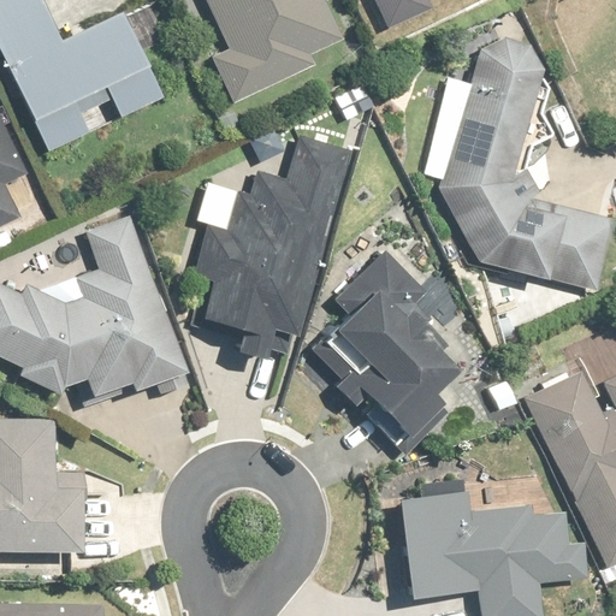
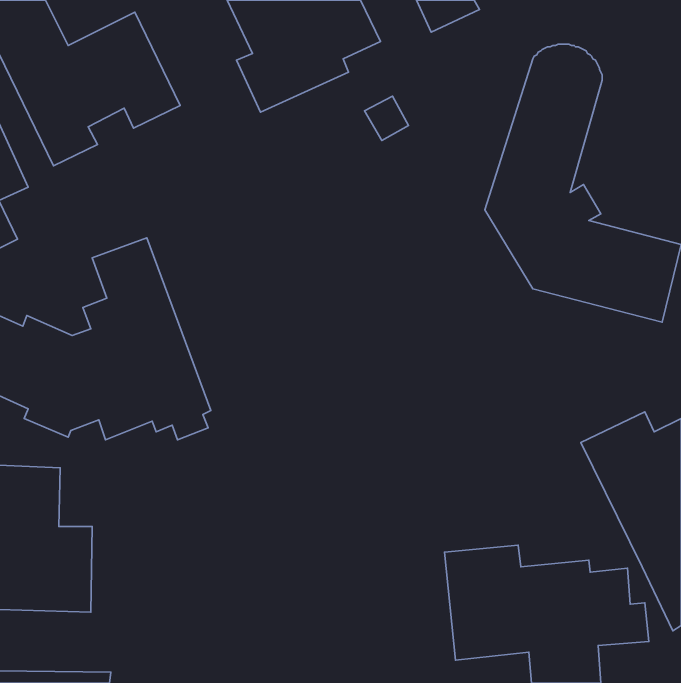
building: [192,136,350,359] -> none
building: [325,253,458,455] -> none

